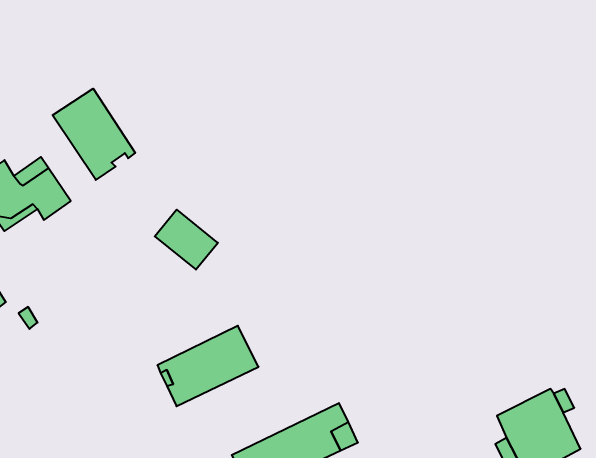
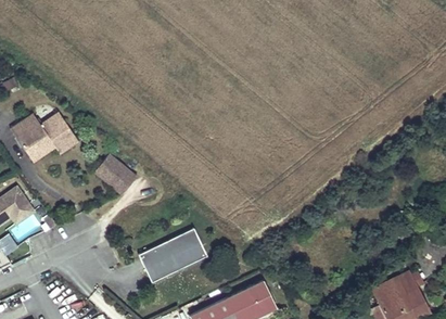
building: [53,89,135,180] -> none
building: [155,210,218,270] -> [93,153,137,194]

